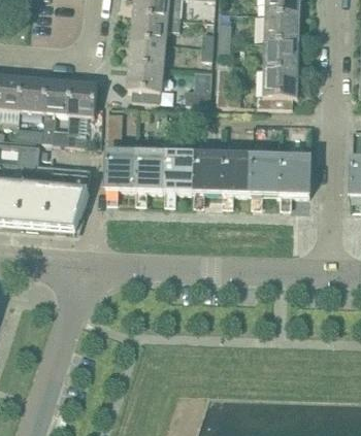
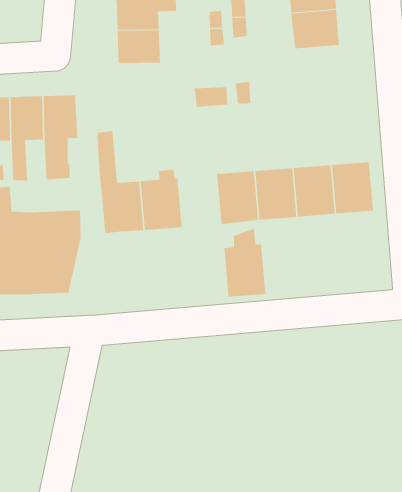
building: [128,62,162,100] -> none
building: [256,66,297,105] -> none
building: [164,140,194,191] -> [224,228,266,297]

